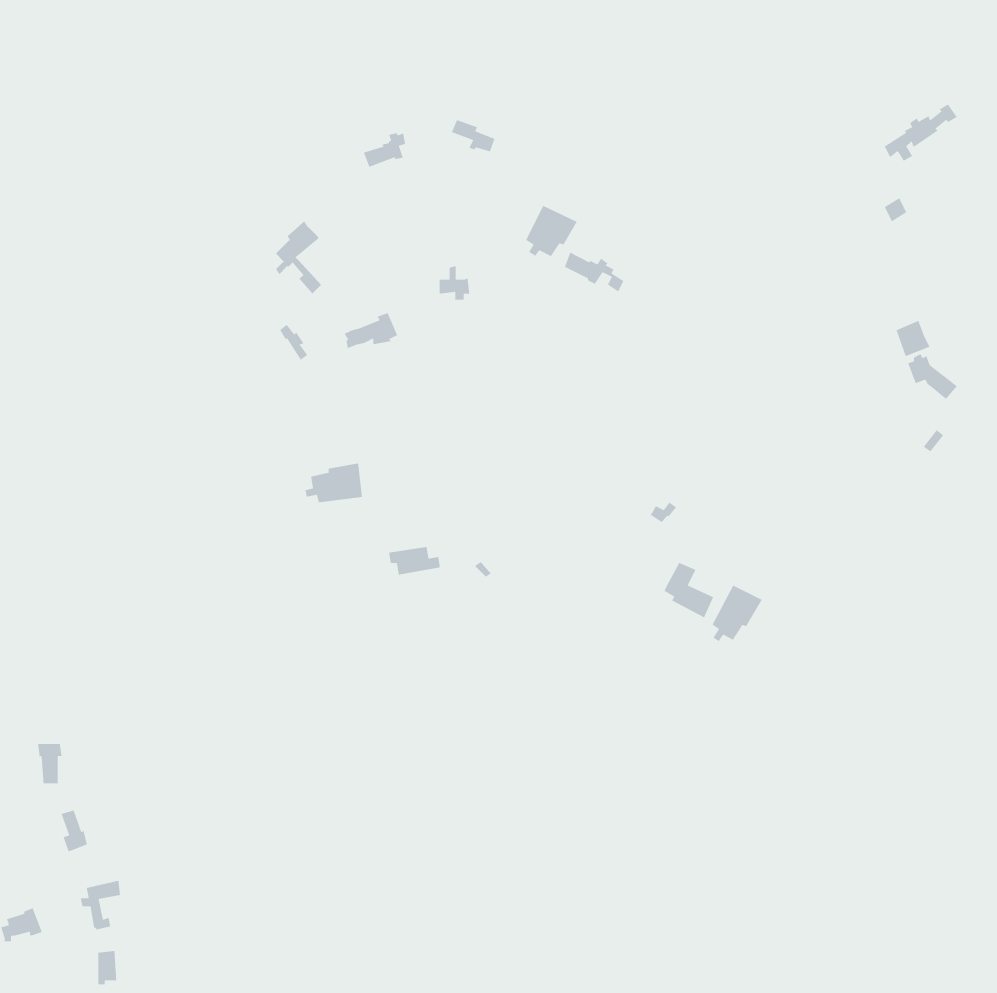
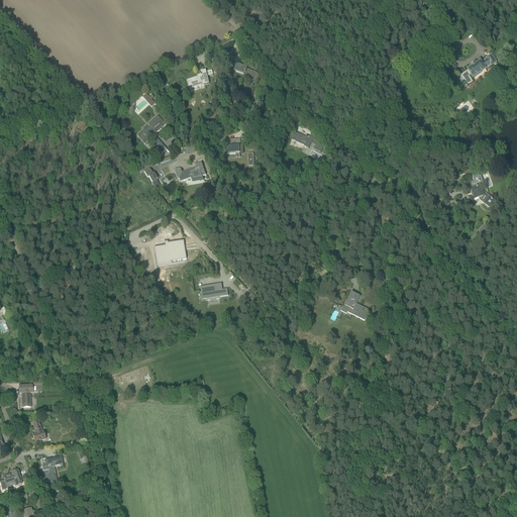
building: [525,205,578,257] -> none
building: [712,585,763,642] -> none

